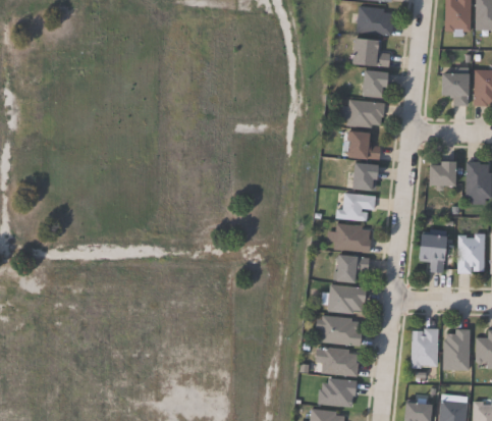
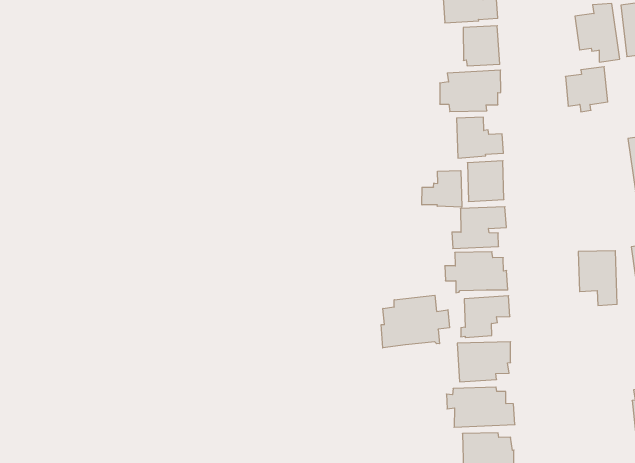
building: [429,161,457,190] -> [565,67,608,112]
building: none -> [422,171,462,207]
building: none -> [381,295,449,348]
building: [412,328,439,367] -> none

